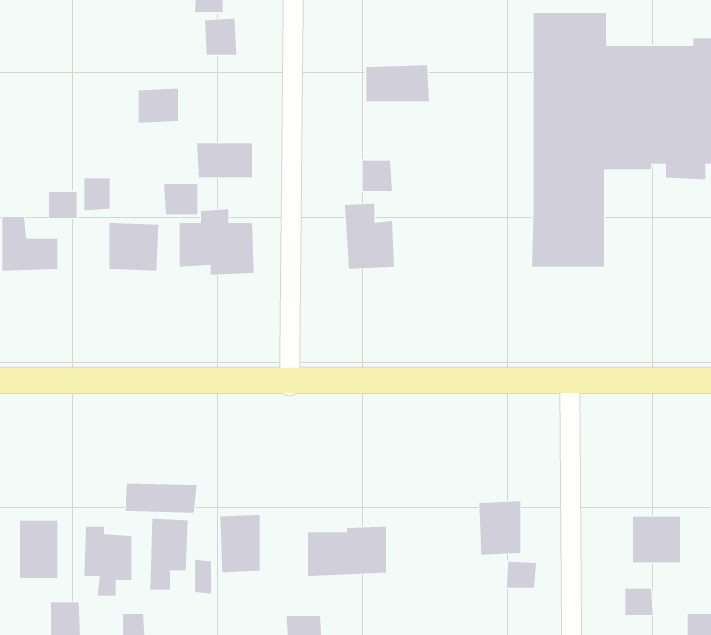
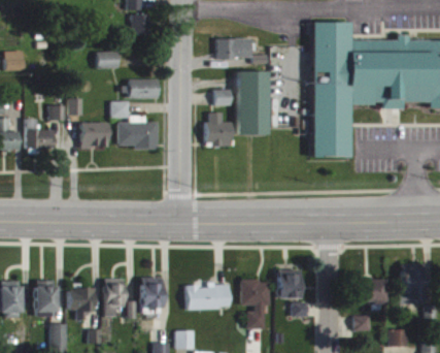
building: none -> [238,72,268,135]
building: [125,483,197,513] -> none
building: none -> [240,281,269,330]

